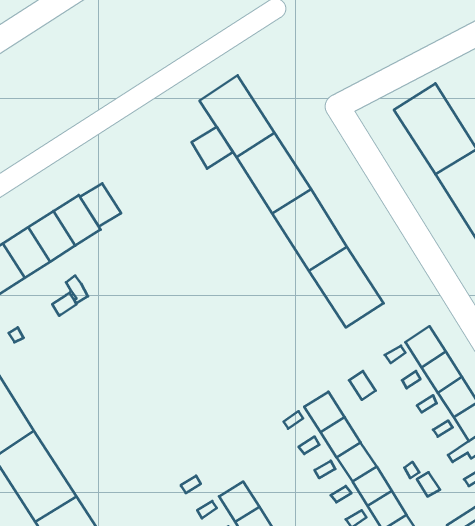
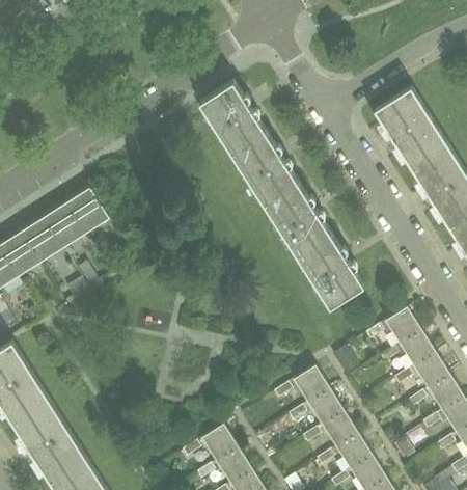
building: [192,127,233,169] -> none
building: [80,183,121,226] -> none
building: none -> [201,425,238,461]

